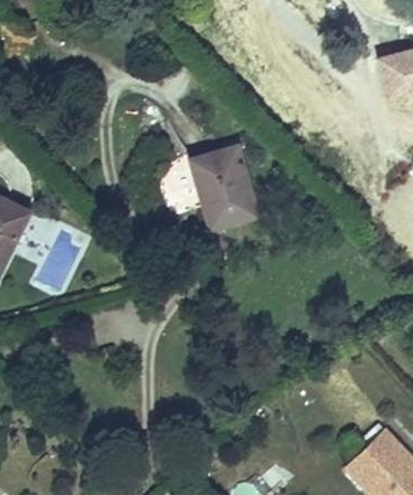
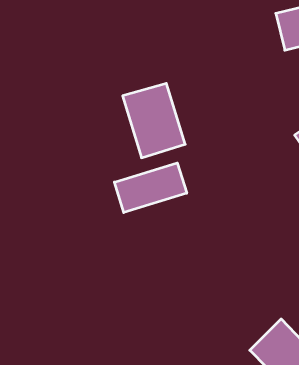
building: none -> [114,163,187,213]

